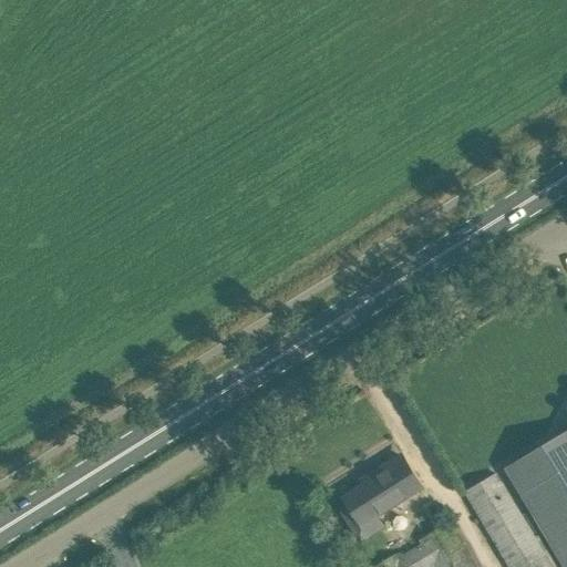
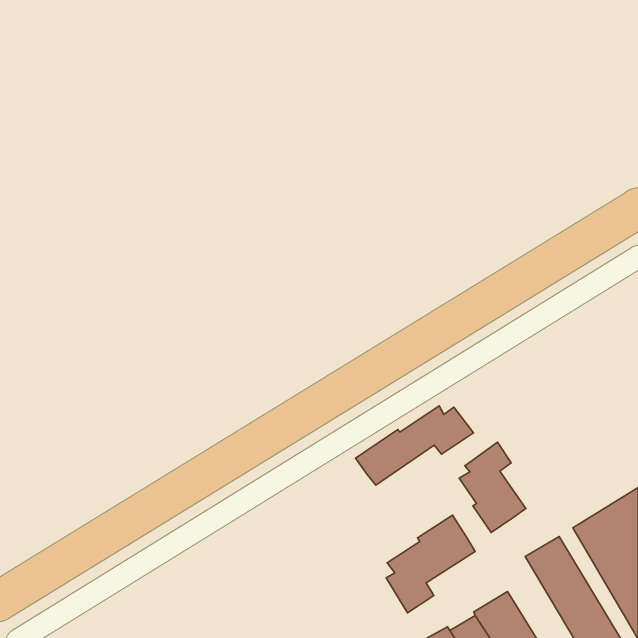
building: none -> [356,406,474,485]
building: none -> [459,442,526,533]

